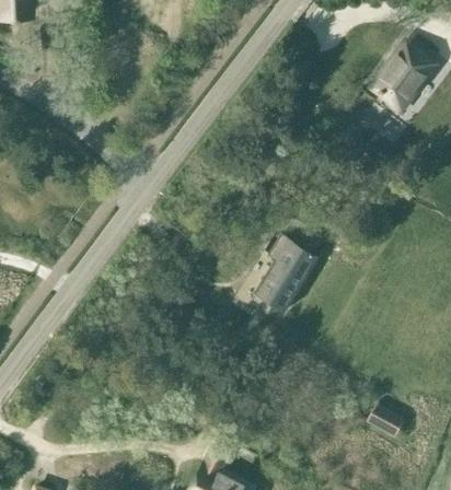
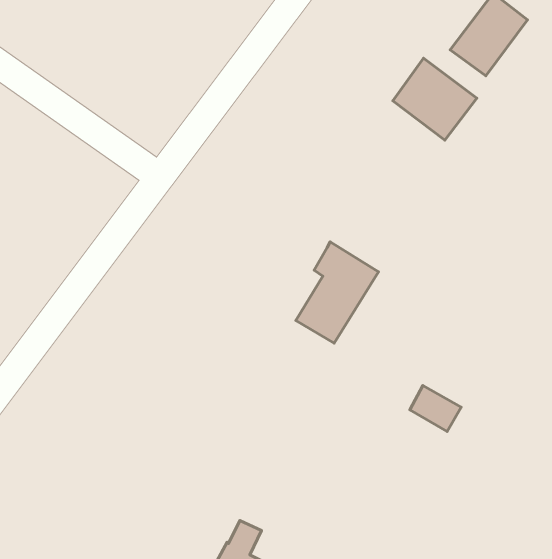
building: none -> [393,58,477,140]
building: [365,404,404,439] -> [410,386,461,431]

